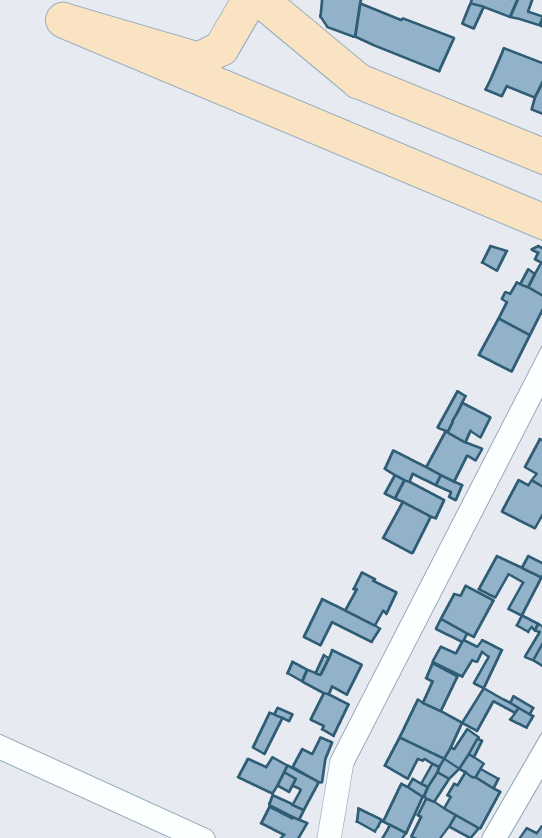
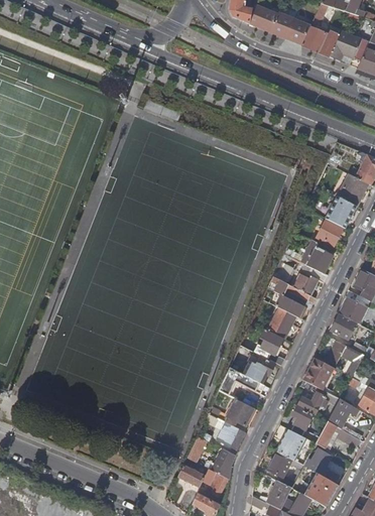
building: none -> [301,26,340,55]
building: none -> [317,218,344,246]
building: none -> [331,312,358,340]
building: none -> [254,329,284,365]
building: none -> [329,398,358,428]

